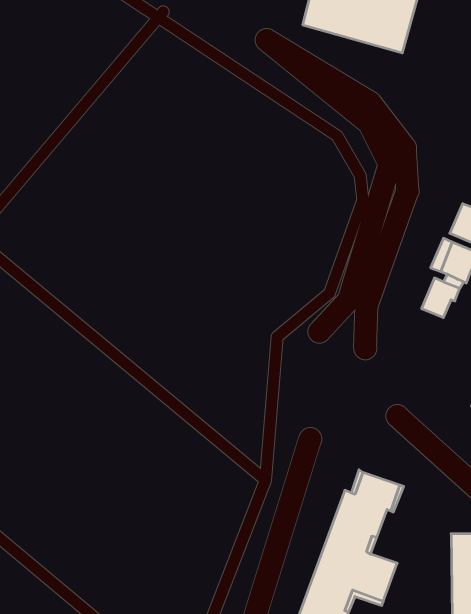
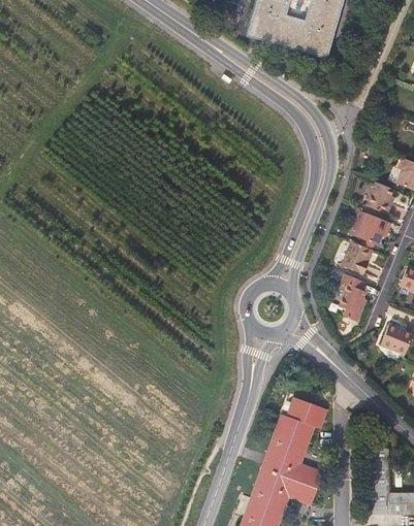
building: none -> [339,273,367,321]

